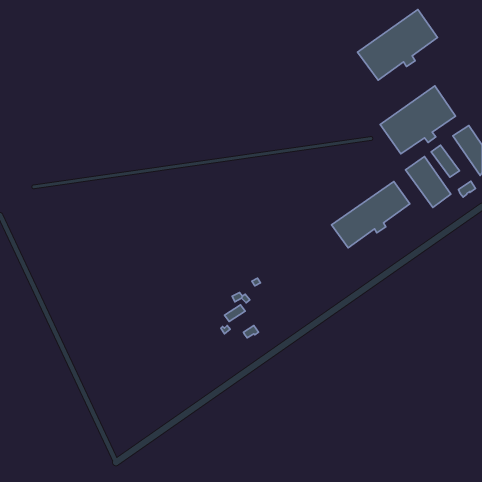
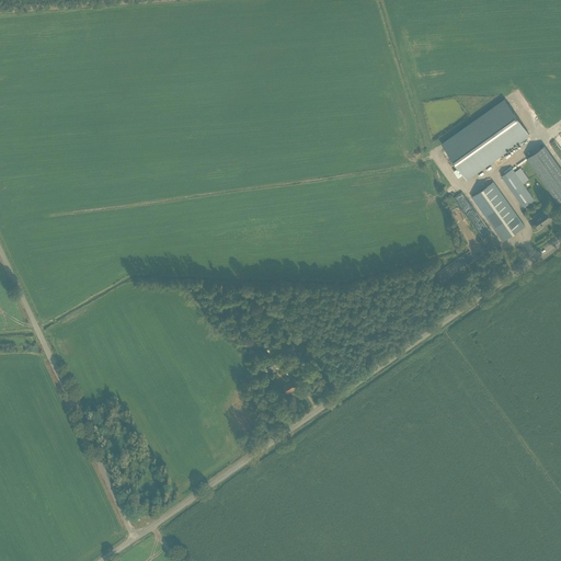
building: [358,10,437,80] -> none
building: [332,181,410,248] -> none

